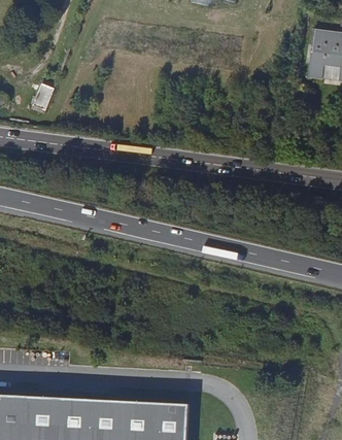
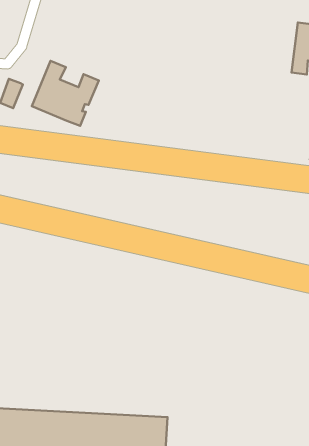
building: none -> [32,61,99,126]

